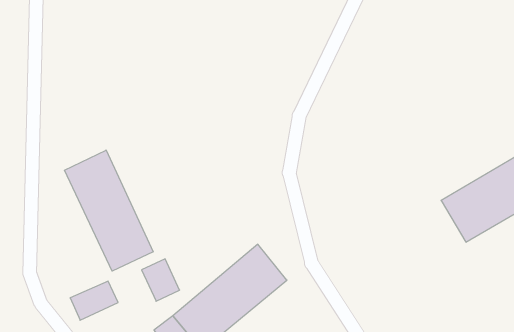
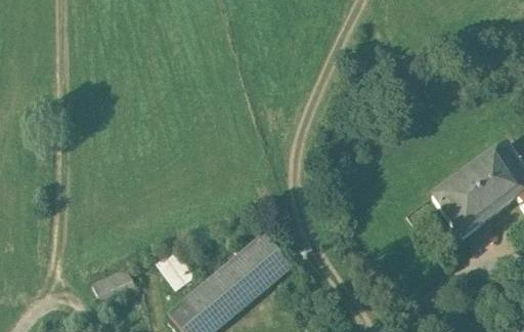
building: [65,150,153,271] -> none

